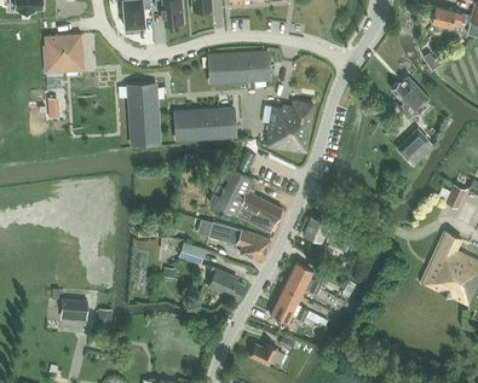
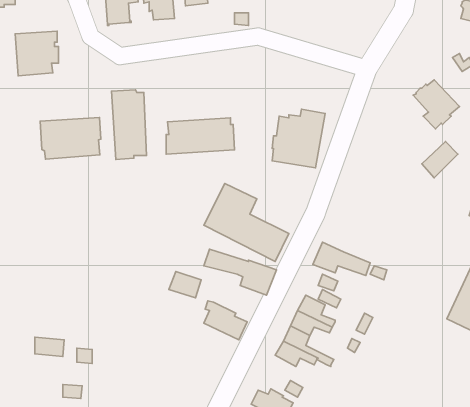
building: [209,52,270,83] -> none
building: none -> [40,117,101,159]

